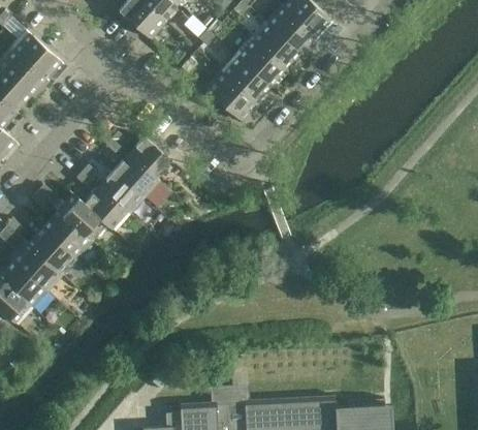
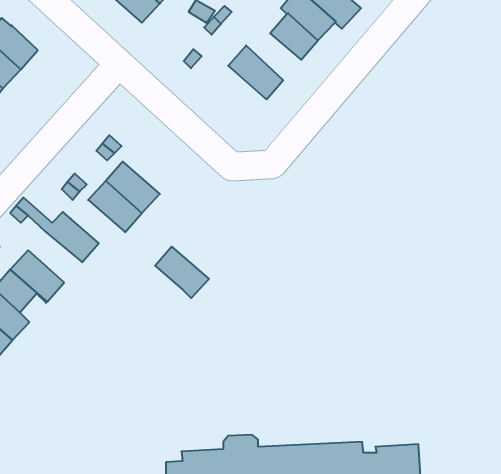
building: [234,38,288,91] -> none
building: [210,78,252,118] -> none
building: [128,137,167,183] -> none
building: [84,188,130,233] -> [155,247,209,298]
building: [46,215,93,259] -> none

